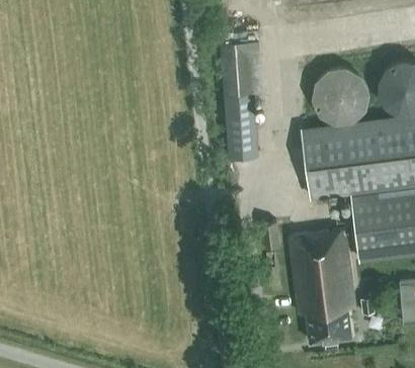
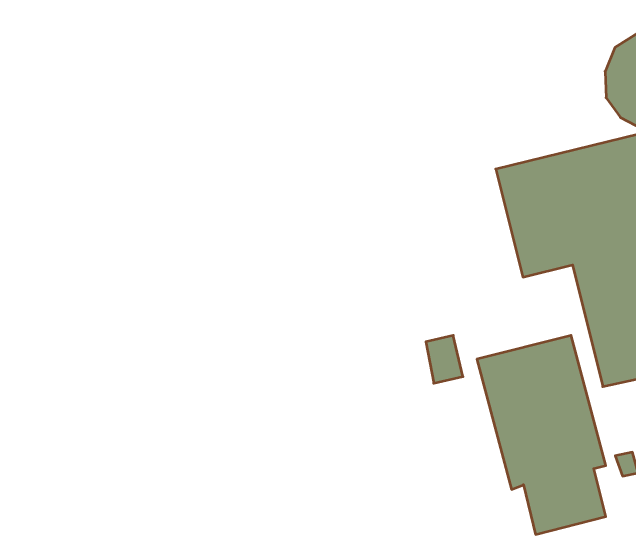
building: [221,41,256,158] -> none
building: [313,68,366,121] -> none

